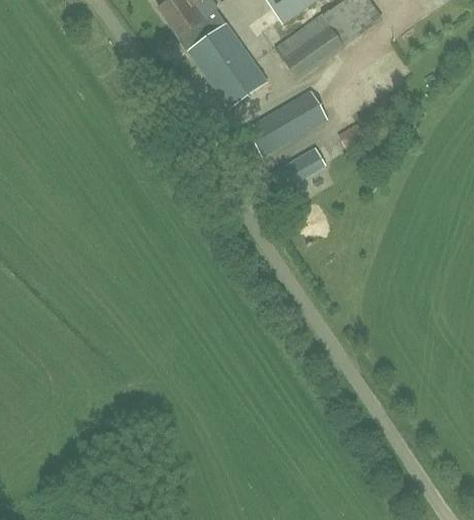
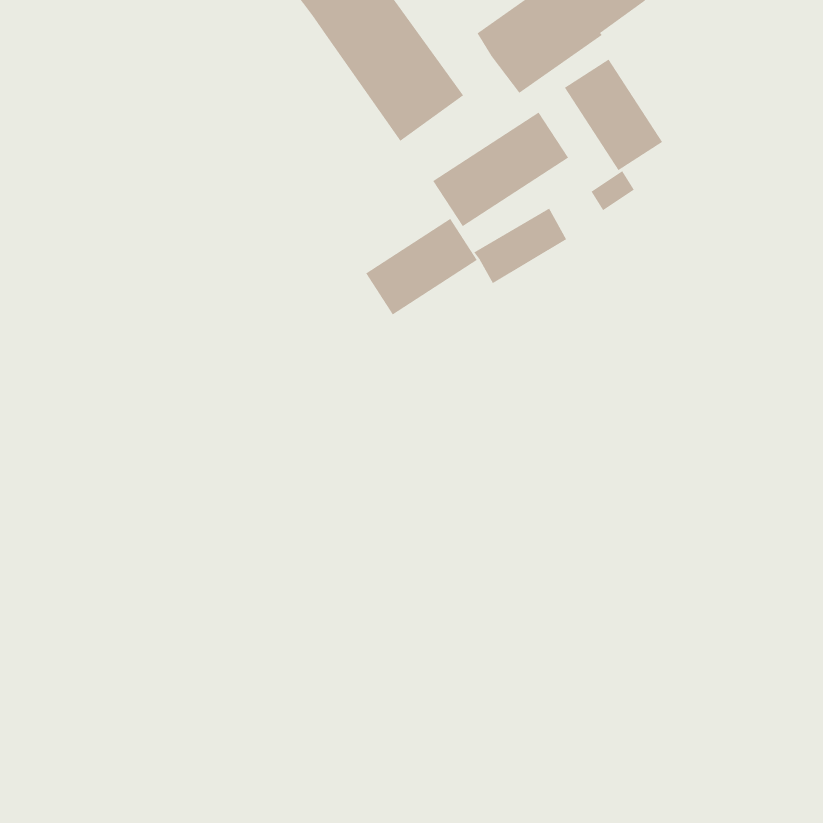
building: none -> [564,58,663,171]
building: none -> [365,218,478,316]

